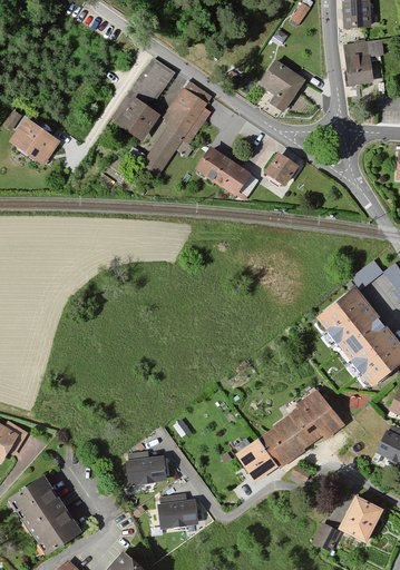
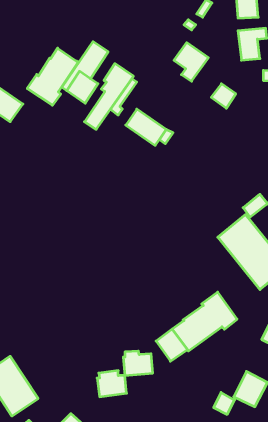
building: none -> [27,48,78,105]
building: [265,154,297,186] -> [211,84,236,108]
building: [127,452,166,484] -> [123,351,153,376]

